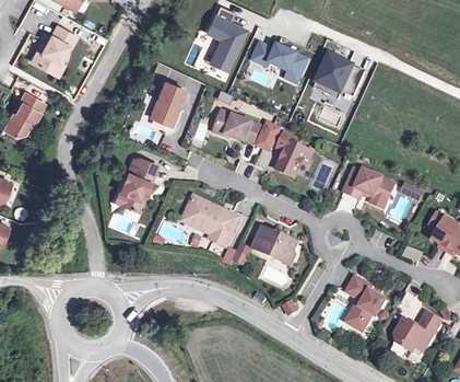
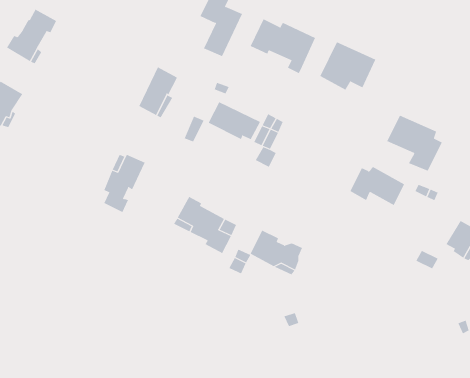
building: none -> [387,115,442,172]
building: [276,132,316,180] -> none
building: [344,275,384,328] -> none
building: [393,314,439,354] -> none

